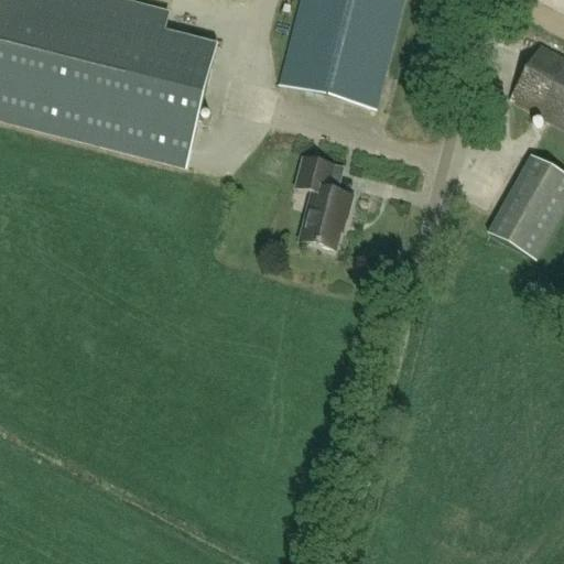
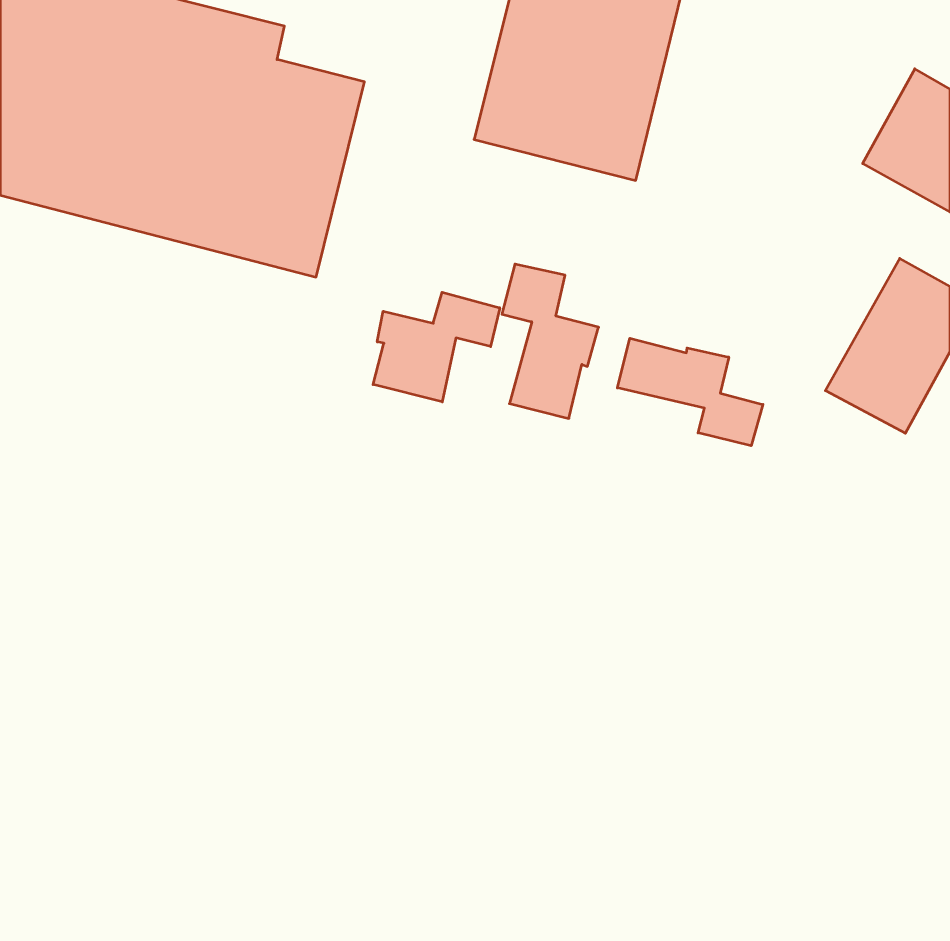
building: none -> [373,292,500,402]
building: none -> [617,338,763,446]

